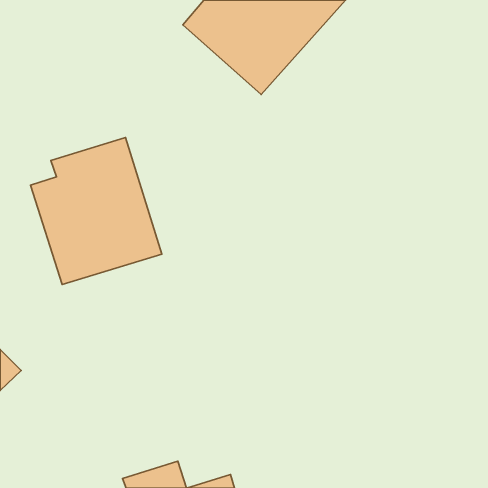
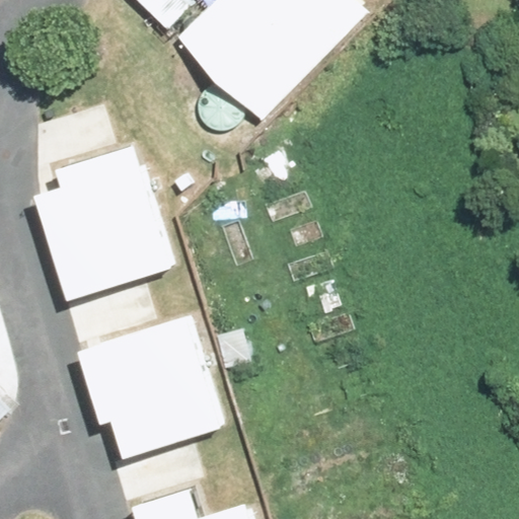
building: none -> [77,316,225,459]

